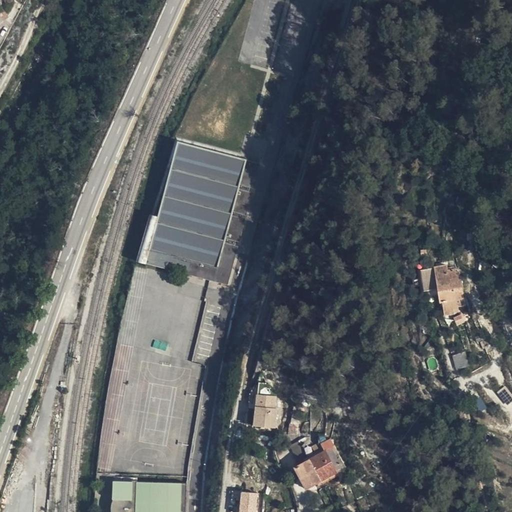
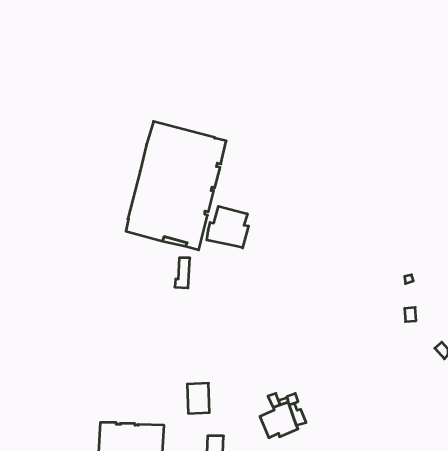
building: none -> [207,206,249,248]
building: [435,260,468,313] -> none
building: [247,396,272,430] -> [187,383,209,413]

